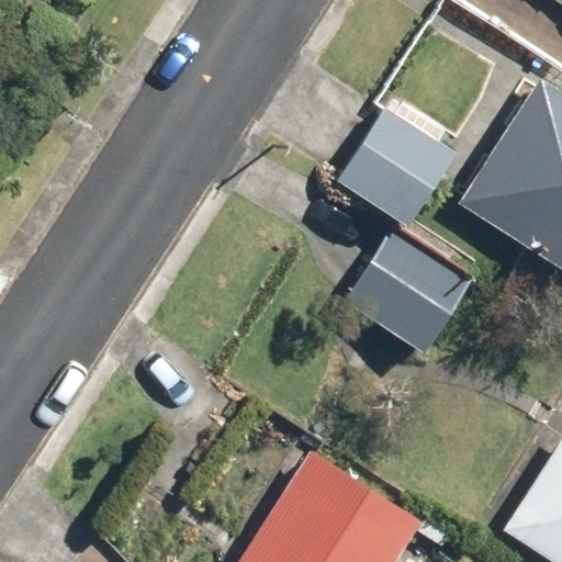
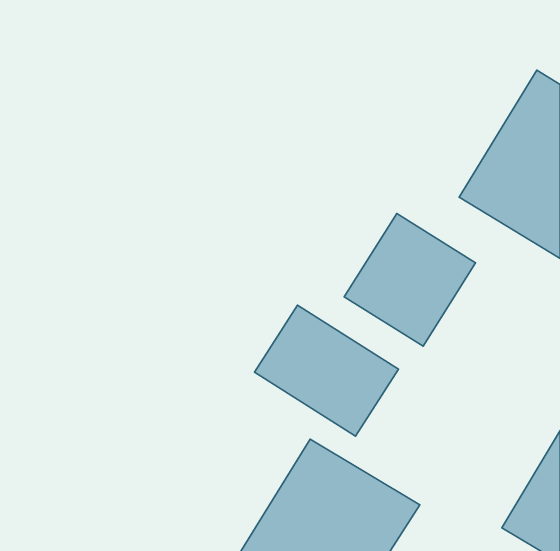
building: [339,103,462,227] -> none
building: none -> [254,305,399,436]

